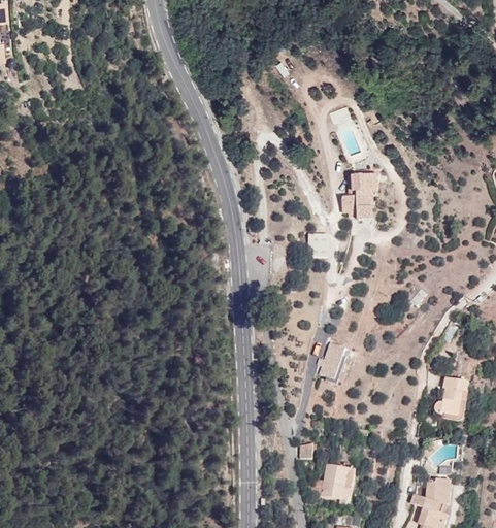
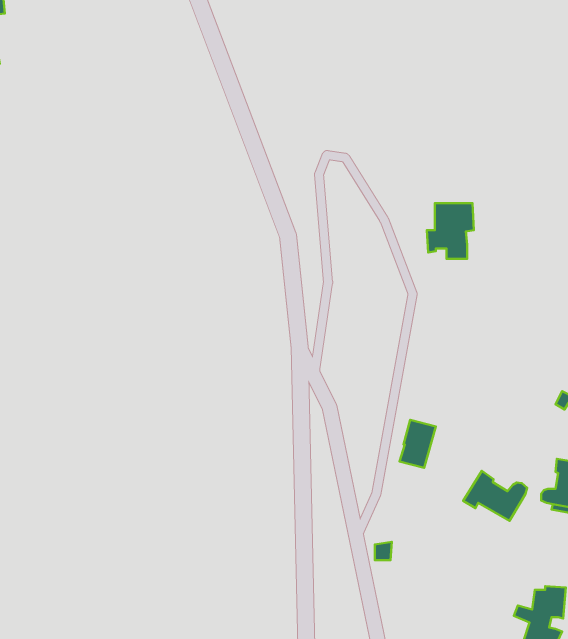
building: none -> [463,471,527,521]
building: [320,462,355,499] -> none

